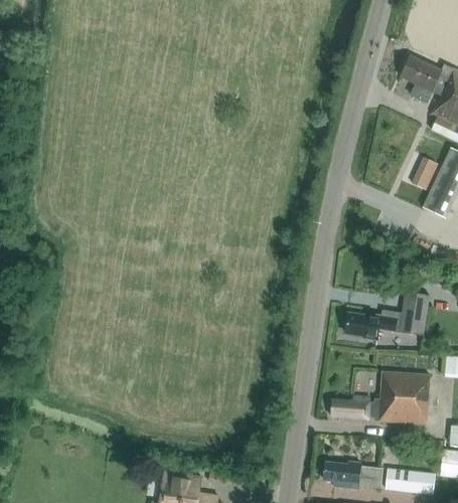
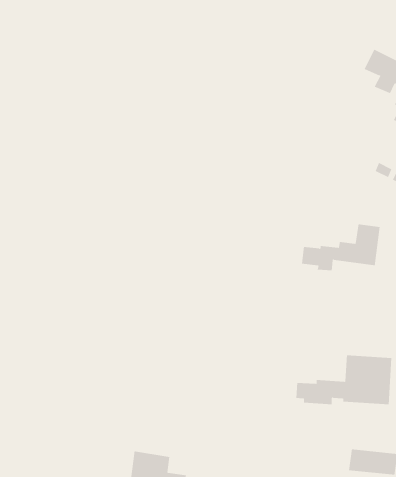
building: [346,292,428,340] -> [301,224,380,271]
building: [325,462,383,488] -> none

